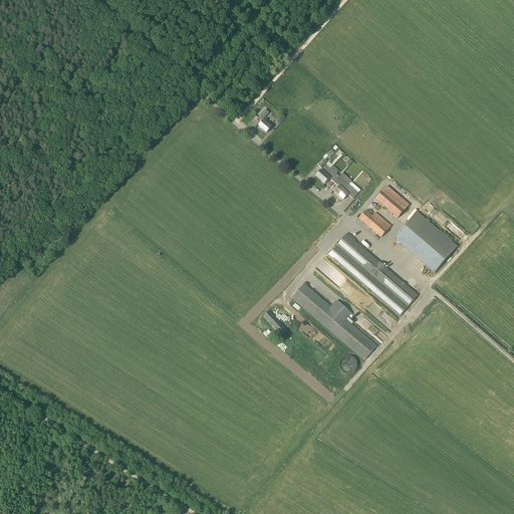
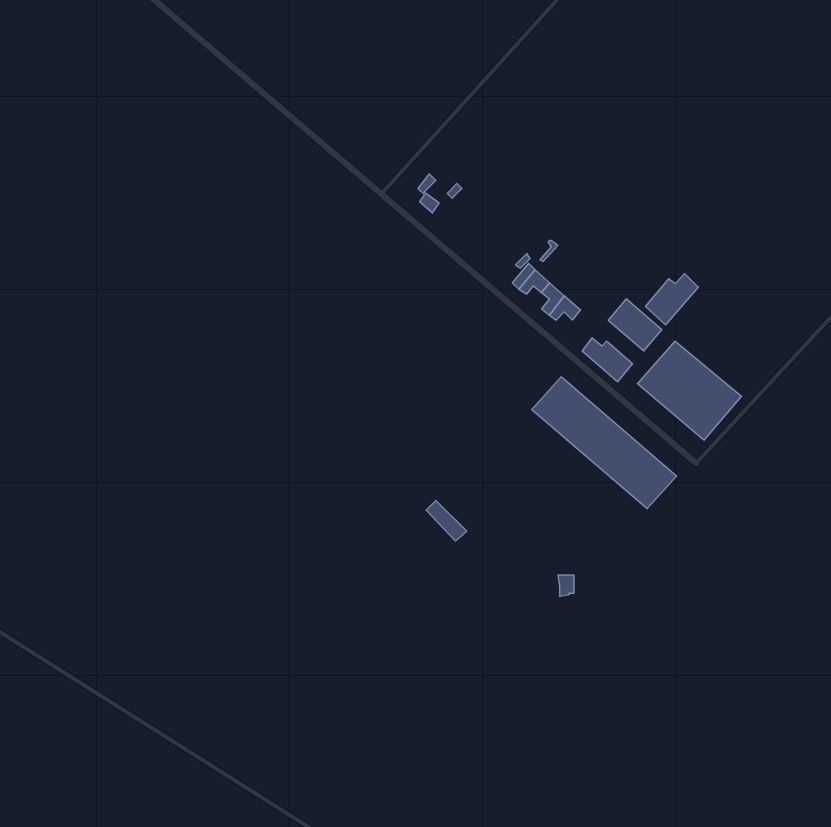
building: none -> [645,274,698,325]
building: [291,282,377,359] -> none

